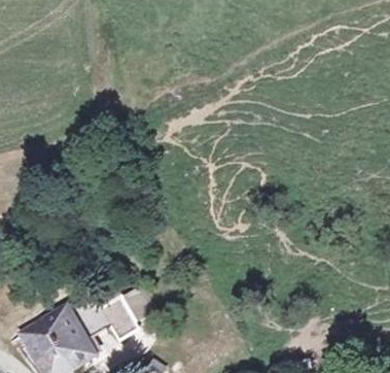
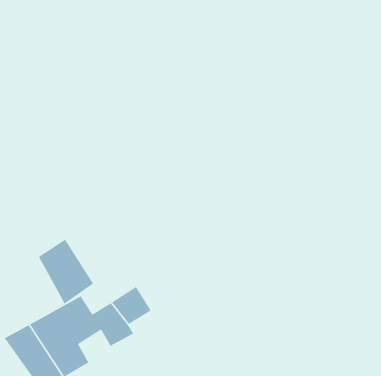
building: none -> [38,239,94,305]

